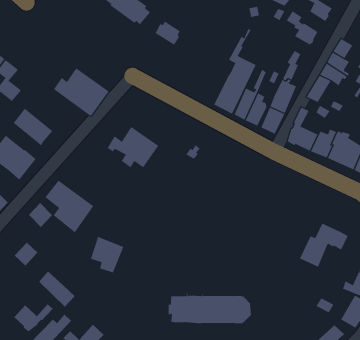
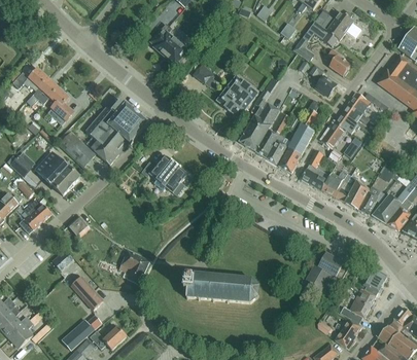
building: none -> [217,75,258,117]
building: [44,180,94,233] -> [85,116,129,165]
building: [168,293,252,325] -> [184,271,259,302]
building: [13,303,53,332] -> none

